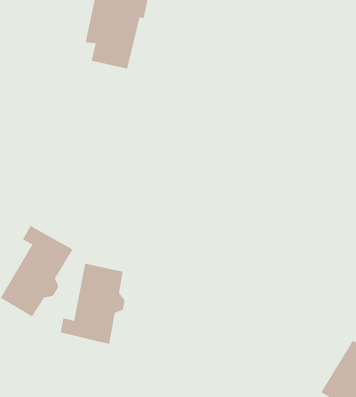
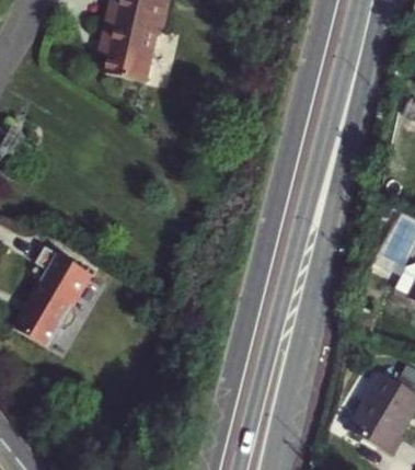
building: [60,263,125,345] -> none

